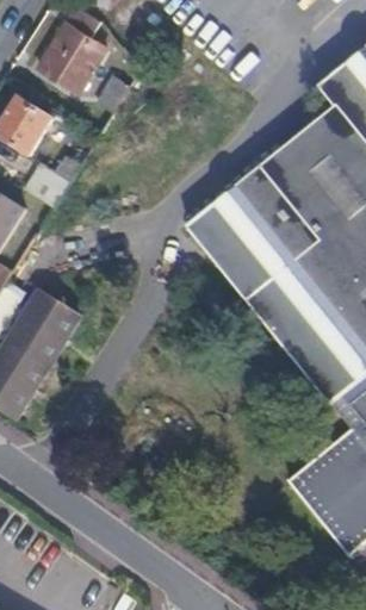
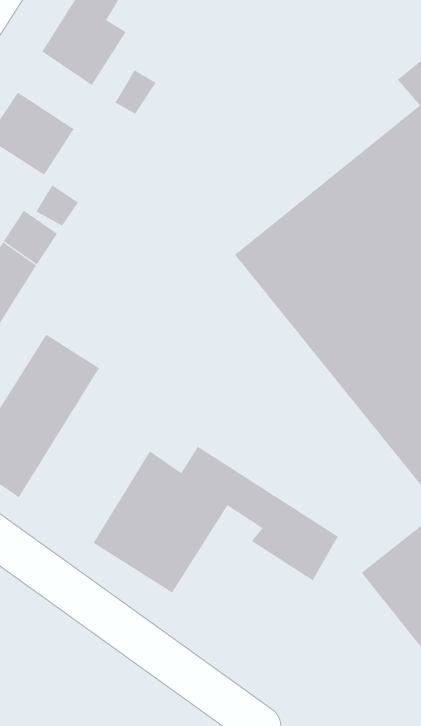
building: none -> [93,446,339,593]

